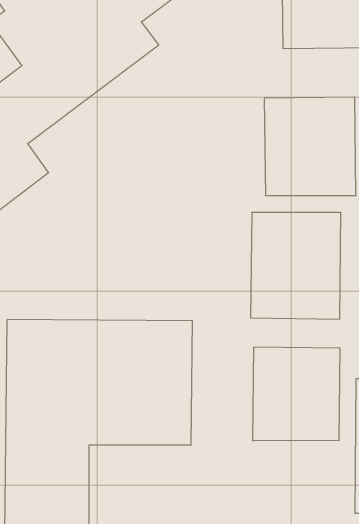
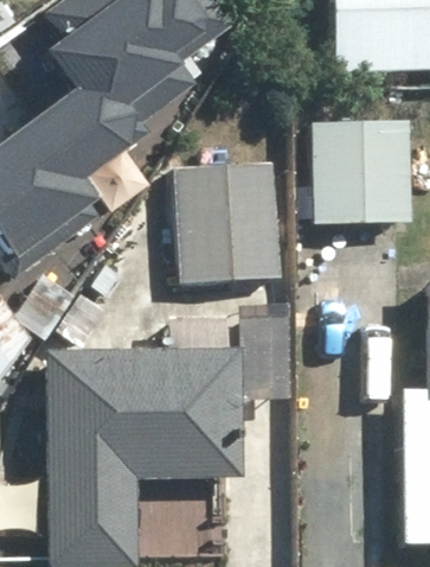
building: [251,212,341,319] -> [185,170,277,279]
building: [253,347,340,441] -> none

